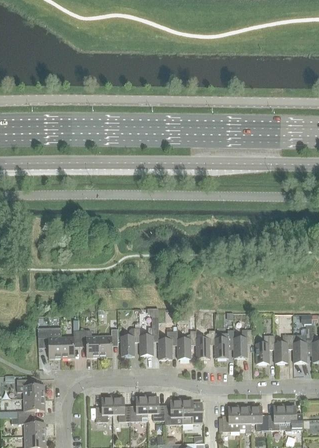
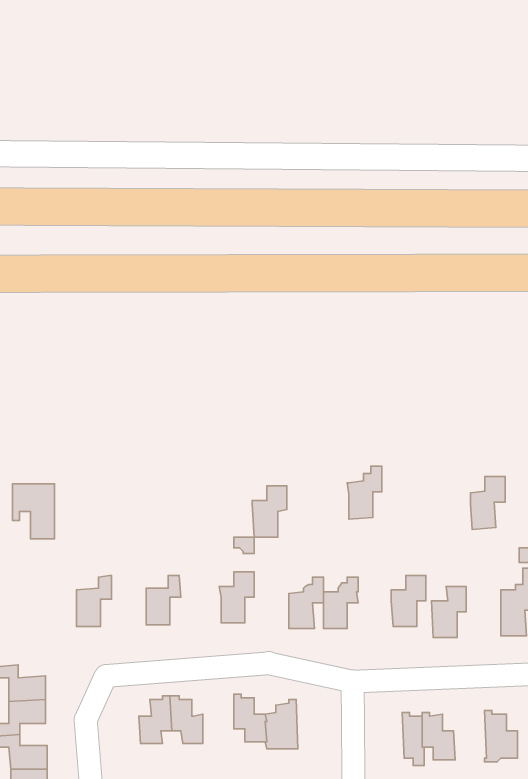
building: [38,327,61,357] -> [12,484,54,539]
building: [121,327,140,356] -> none
building: [80,329,99,356] -> none
building: [214,329,233,358] -> [347,466,382,519]
building: [158,331,177,359] -> [252,486,287,537]
building: [274,334,293,363] -> [470,476,505,529]
building: [130,394,148,421] -> none
building: [181,397,199,424] -> none
building: [267,403,285,430] -> none
building: [222,404,240,431] -> none

